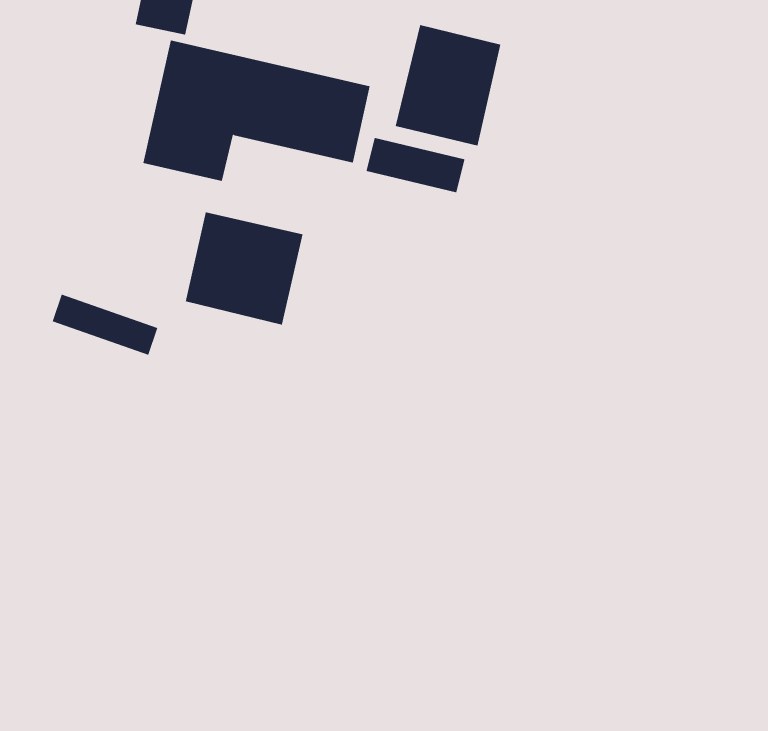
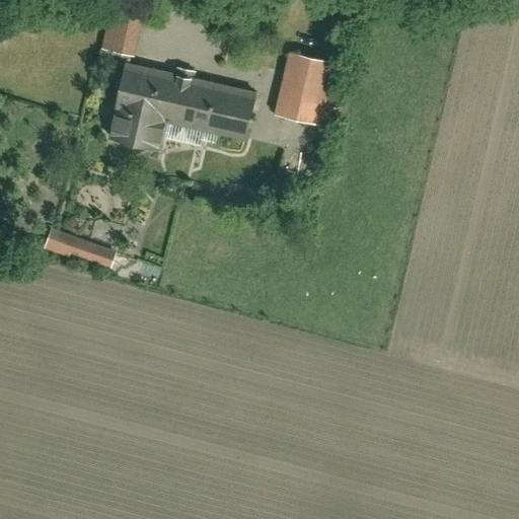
building: [366,137,465,193] -> none
building: [185,212,303,326] -> none

